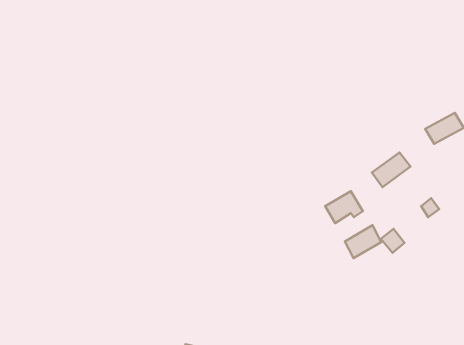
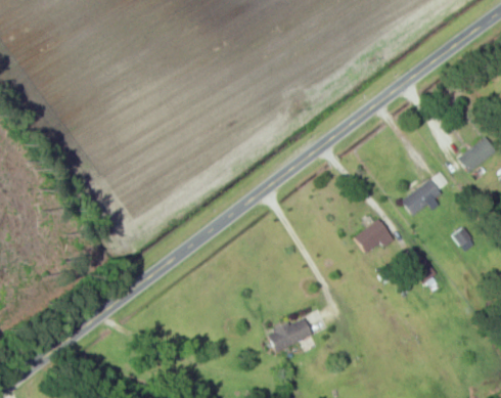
building: [345,225,381,258] -> none
building: none -> [267,315,312,352]

